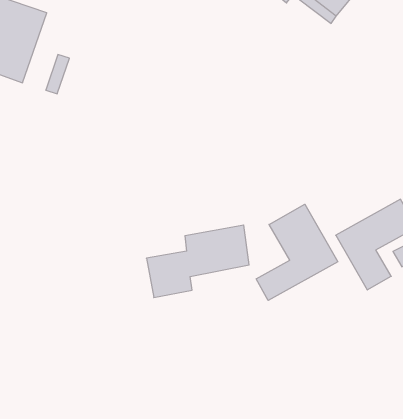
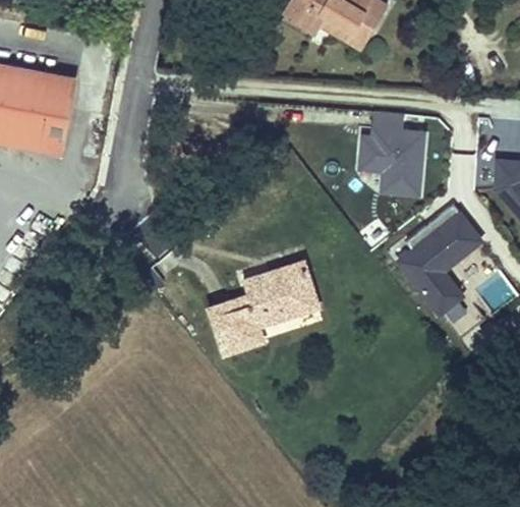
building: none -> [357,111,426,194]
building: [256,204,338,300] -> none

